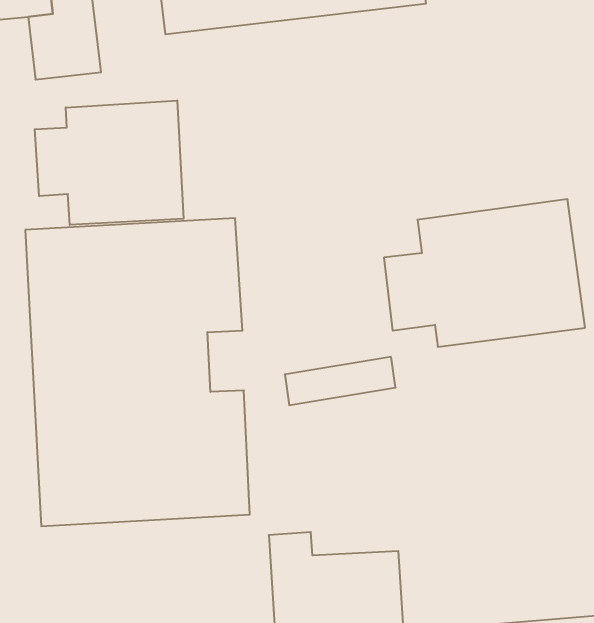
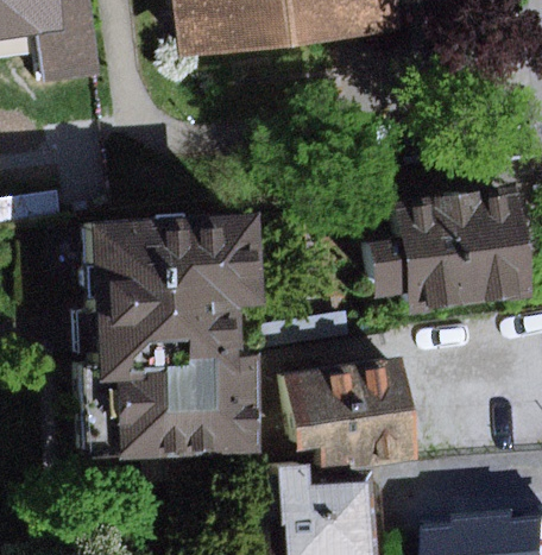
building: [35,100,184,225] -> none
building: none -> [273,359,409,468]

